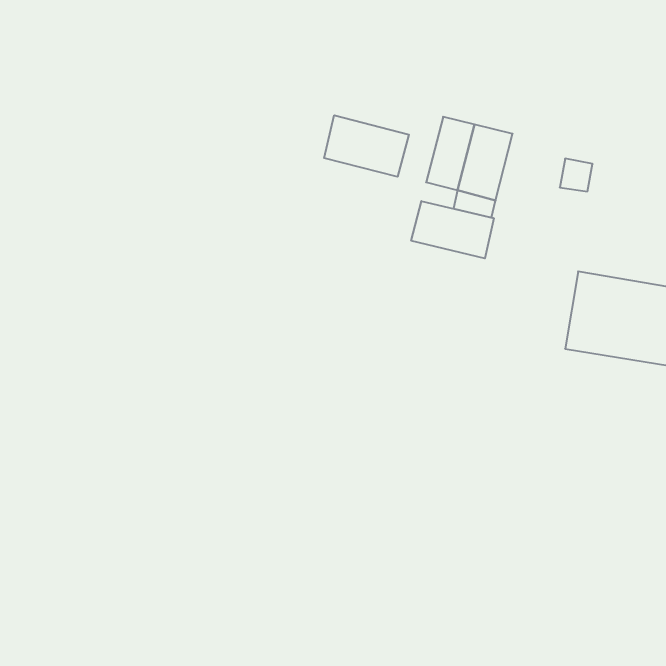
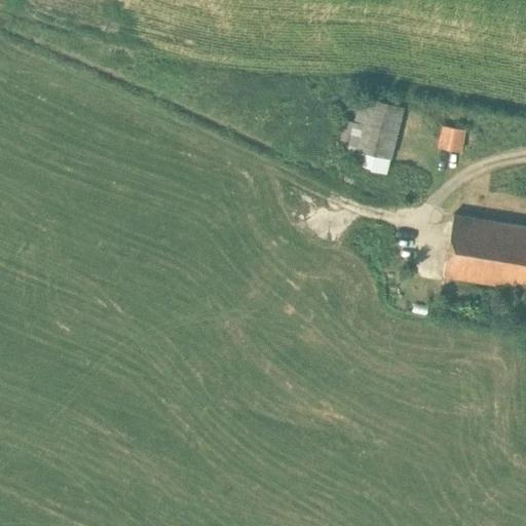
building: [324,115,409,177] -> none
building: [411,201,494,258] -> none

